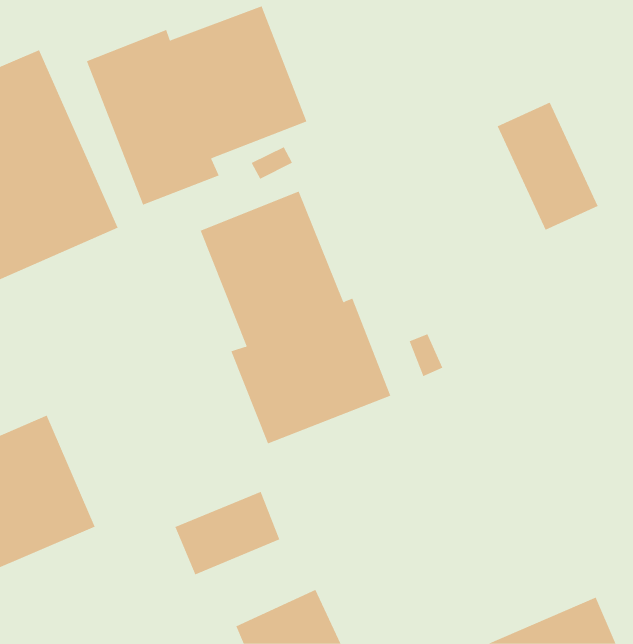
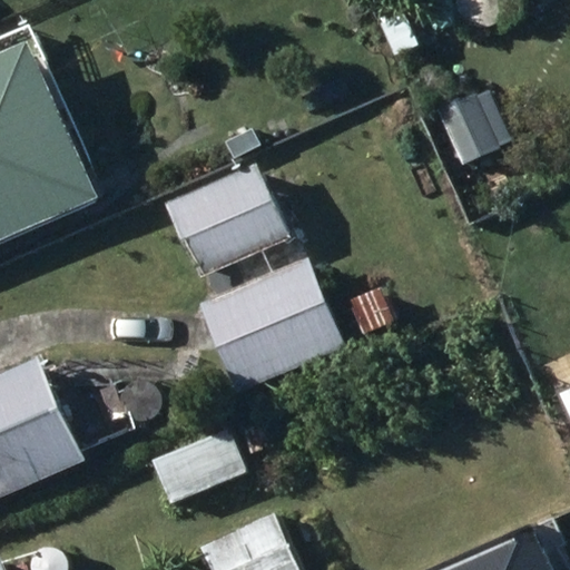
building: [86,5,307,205] -> none

